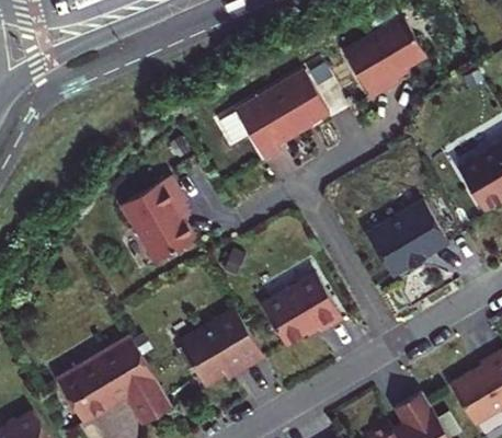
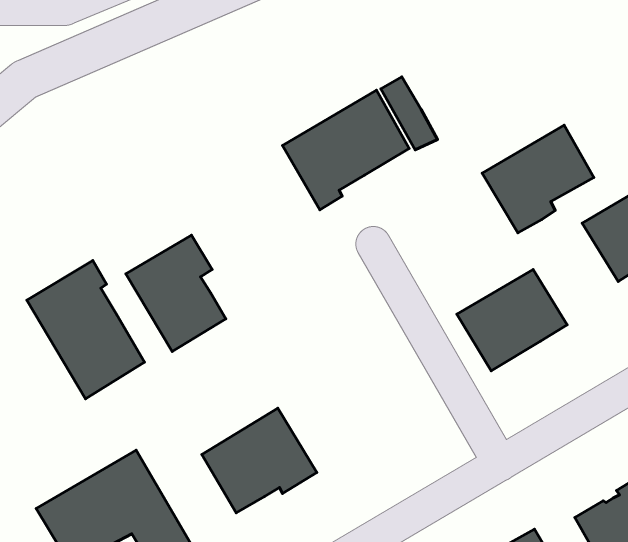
building: [344,20,426,99] -> [482,125,594,233]
building: none -> [27,261,144,399]
building: [262,273,342,345] -> none

